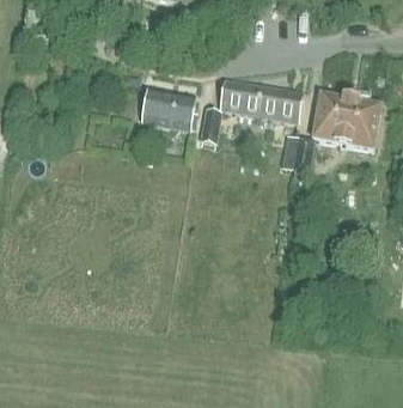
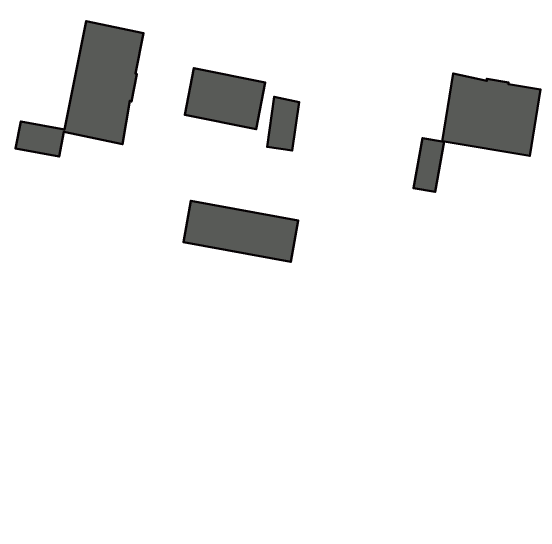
building: none -> [16,21,144,157]
building: [224,80,300,121] -> [184,201,298,262]

